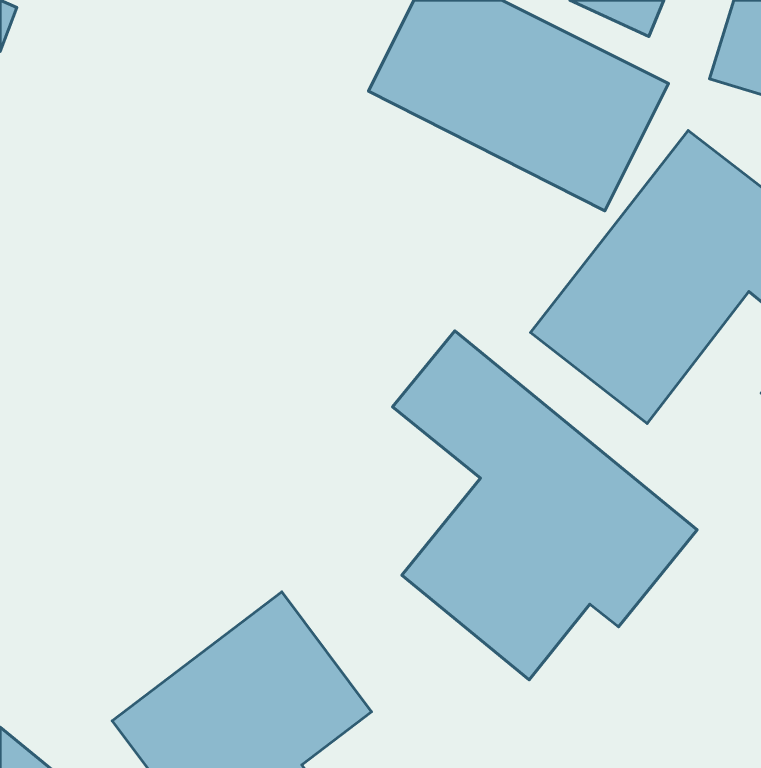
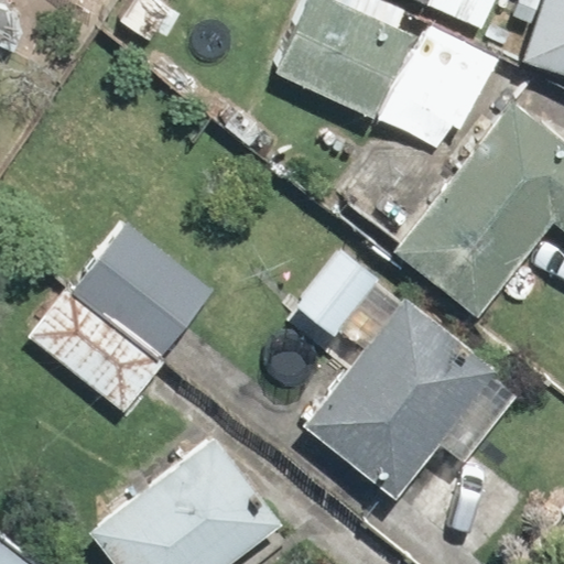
building: none -> [30,224,215,413]

